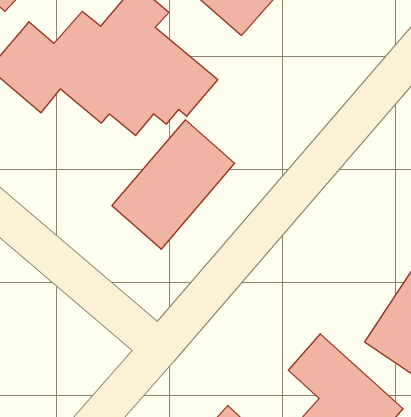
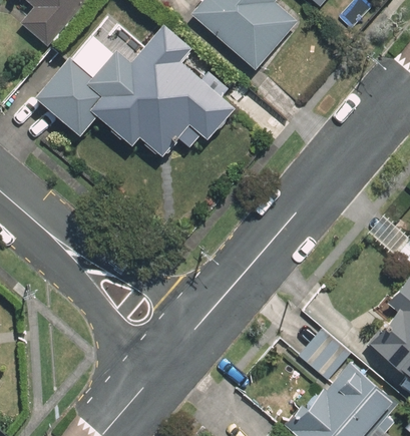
building: [112,120,235,249] -> none

